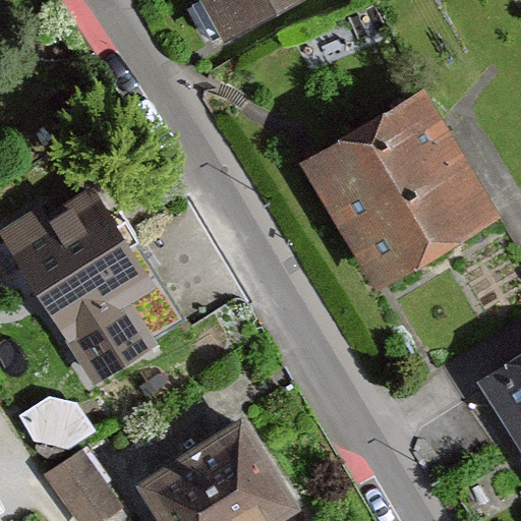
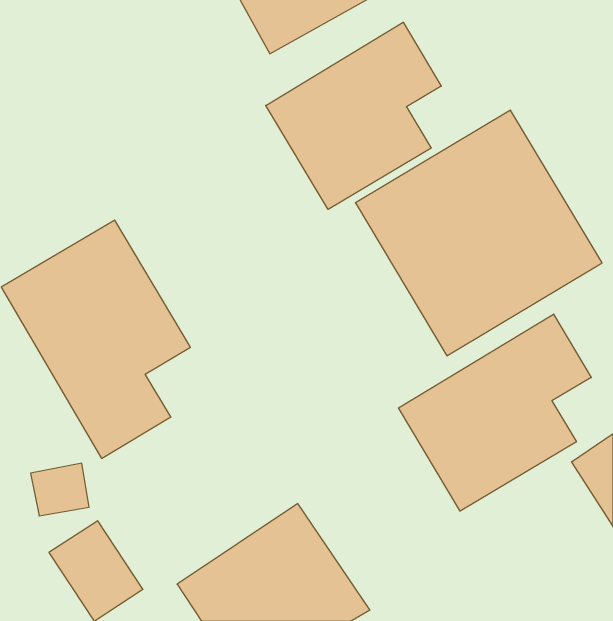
building: none -> [266,22,441,209]
building: none -> [398,314,591,511]

